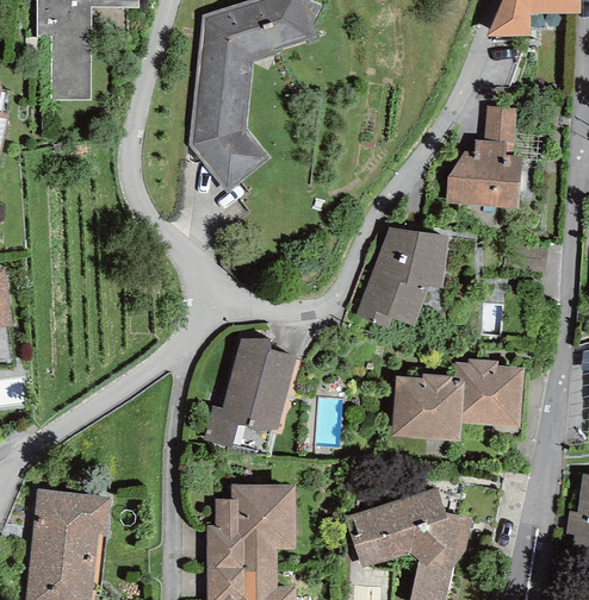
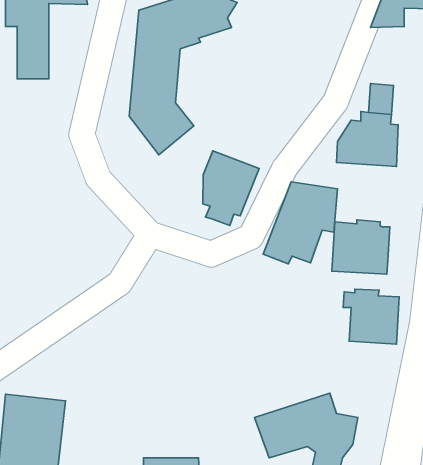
building: none -> [203,151,259,225]
building: [204,338,297,454] -> none
building: [392,373,464,439] -> [332,220,390,274]
building: [207,485,296,567] -> none

